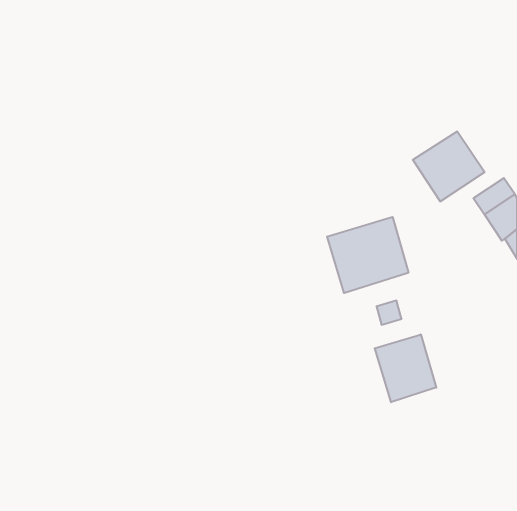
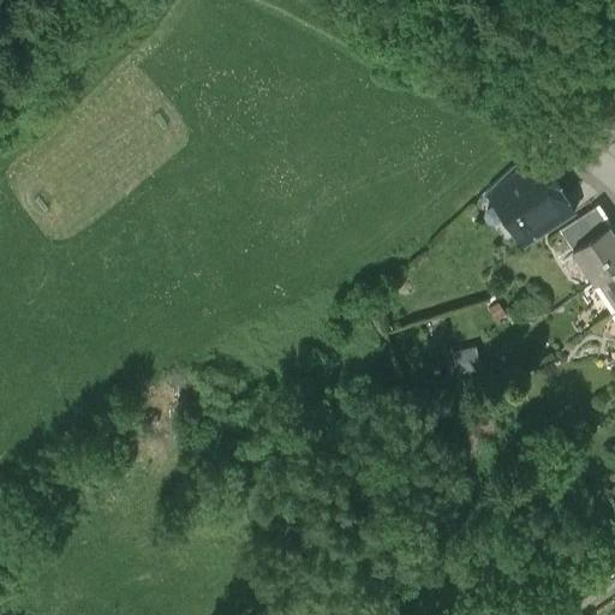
building: [327,217,408,293] -> none
building: [375,334,436,402] -> none

